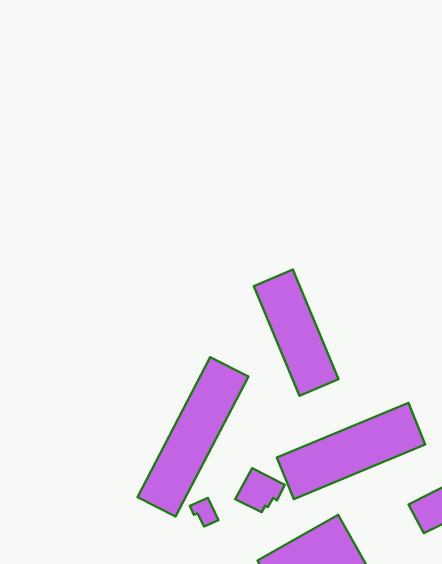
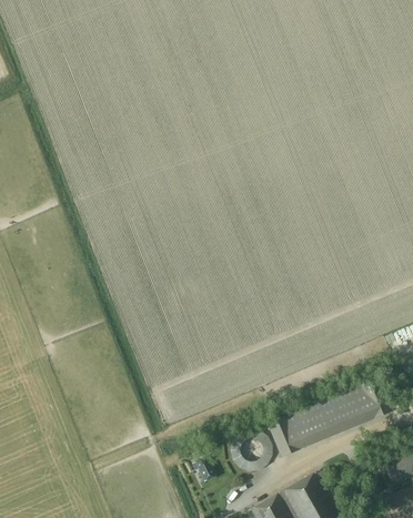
building: [254,270,338,396] -> none
building: [137,357,248,517] -> none

